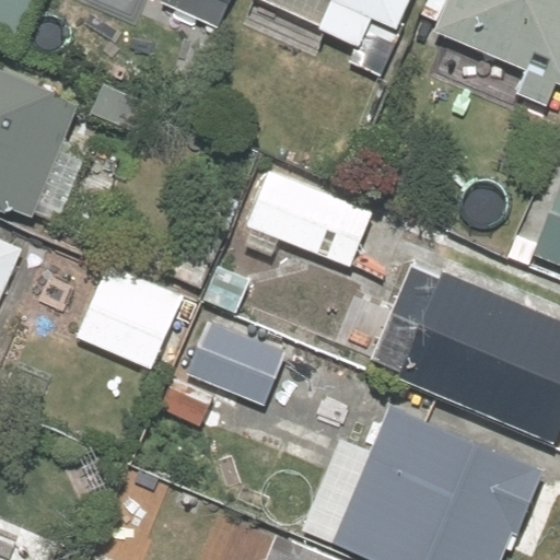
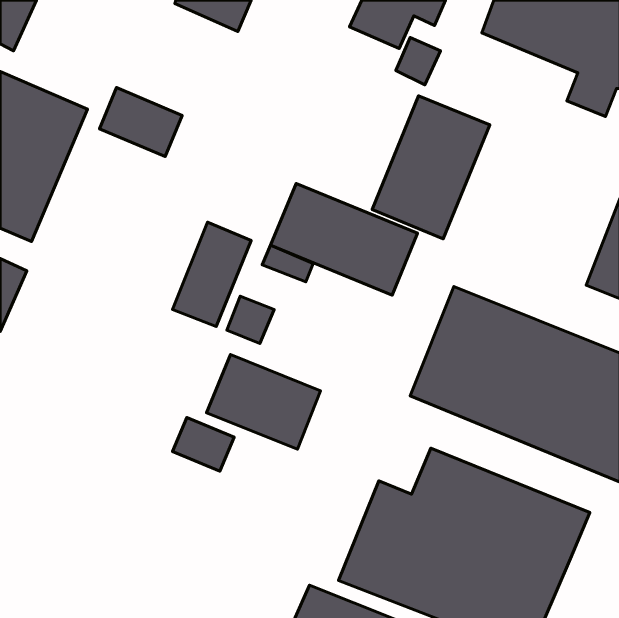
building: none -> [372,96,490,239]
building: [73,265,180,374] -> none

